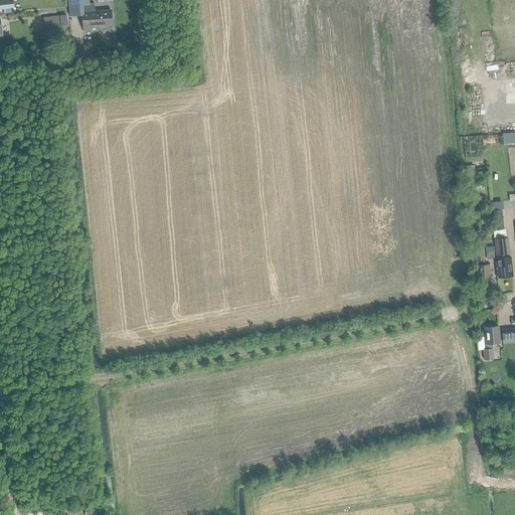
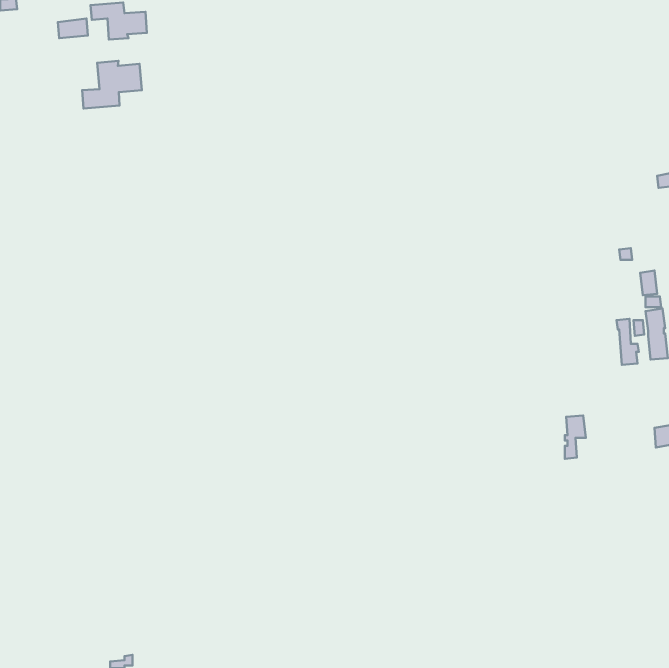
building: none -> [82,61,142,108]
building: [485,325,501,358] -> [565,416,586,459]

